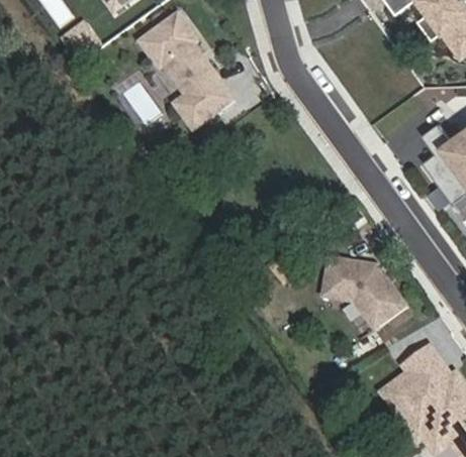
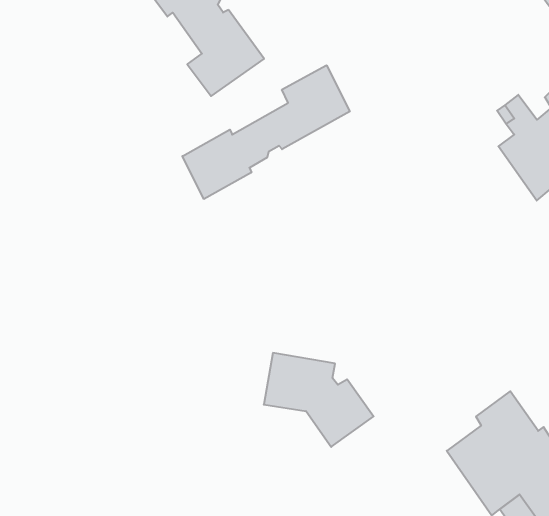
building: none -> [182,65,350,199]
building: [320,256,404,328] -> [264,353,374,447]

